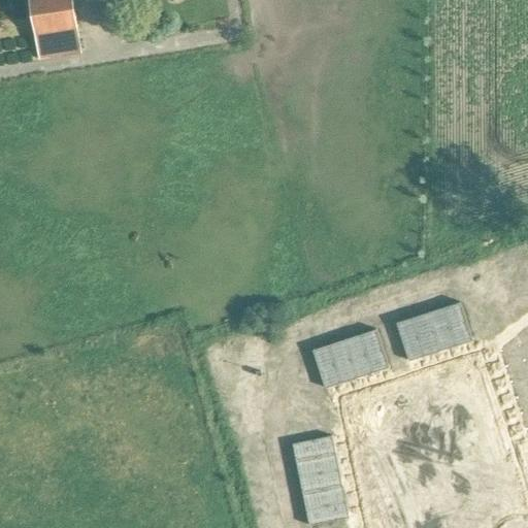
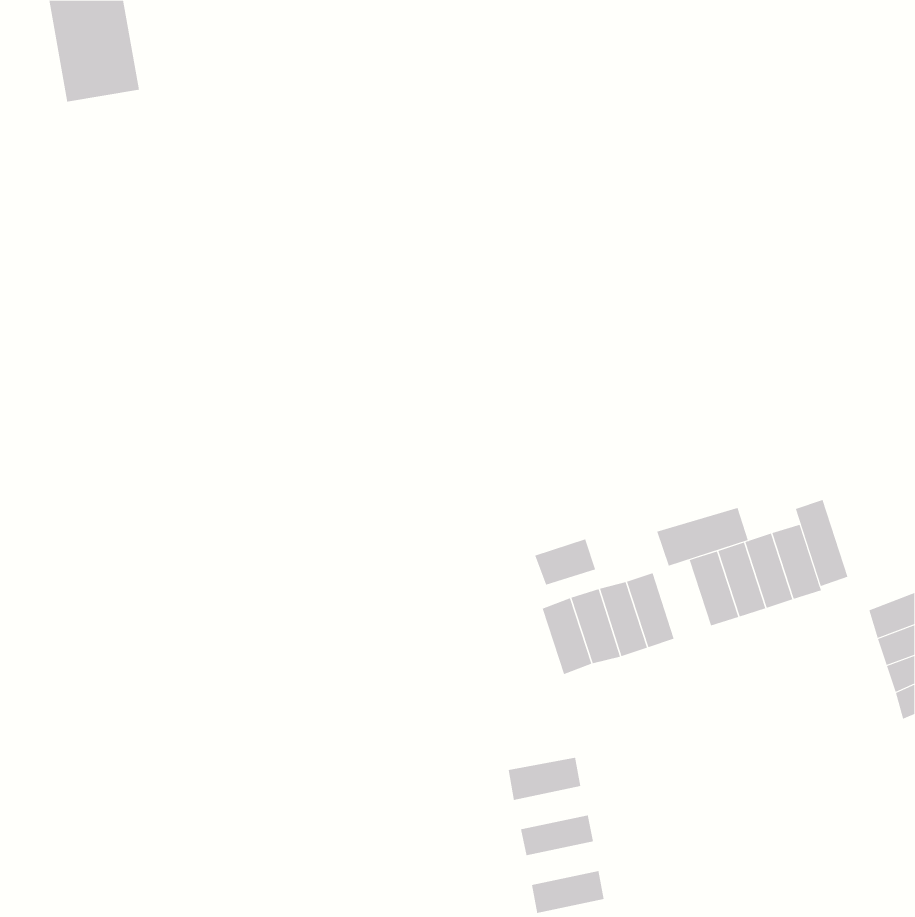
building: none -> [795,499,848,587]
building: none -> [657,507,748,567]
building: none -> [534,539,596,585]
building: [295,452,338,476] -> none
building: [302,484,344,508] -> none

